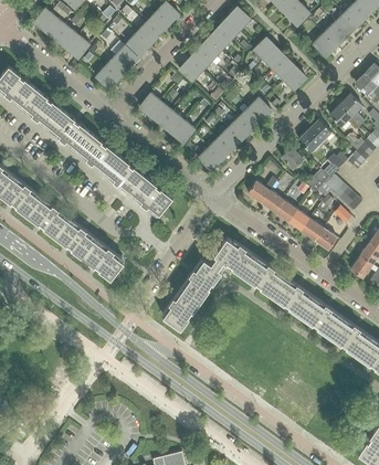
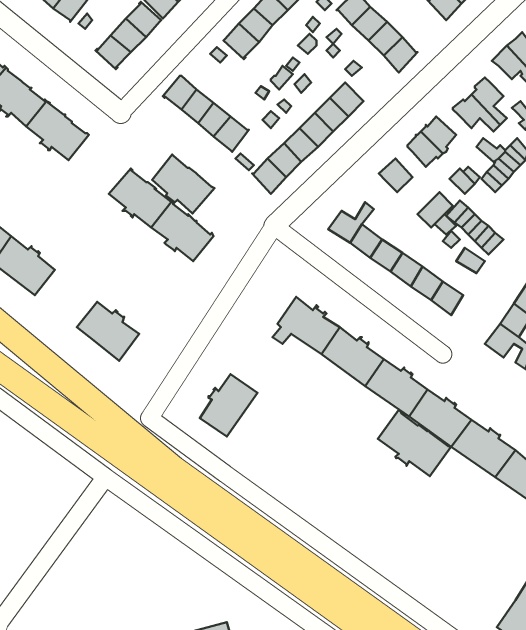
building: [76,133,117,171] -> [152,154,214,213]
building: [54,221,95,258] -> none
building: [182,260,220,302] -> none
building: none -> [378,410,451,476]

